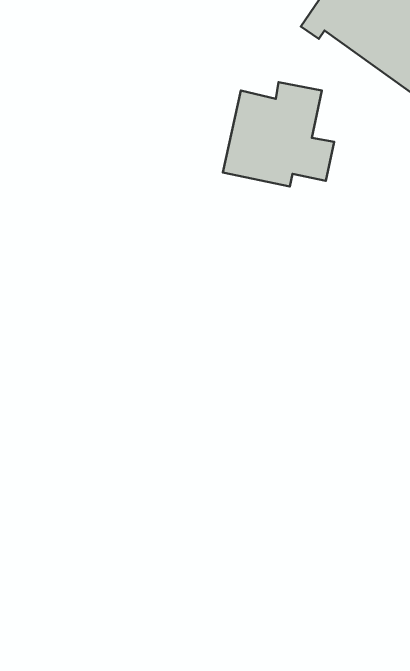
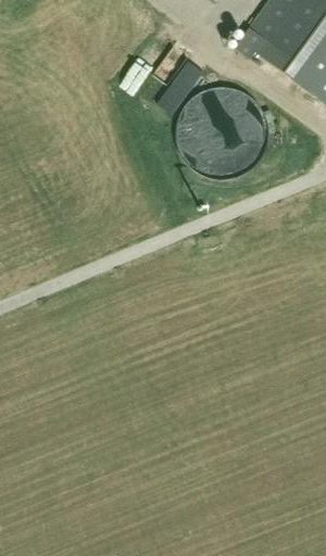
building: none -> [155,59,204,115]

